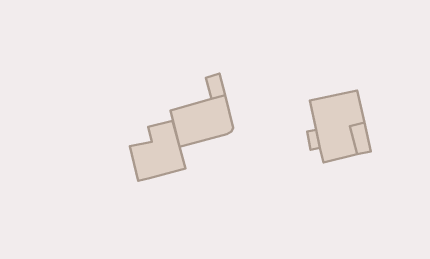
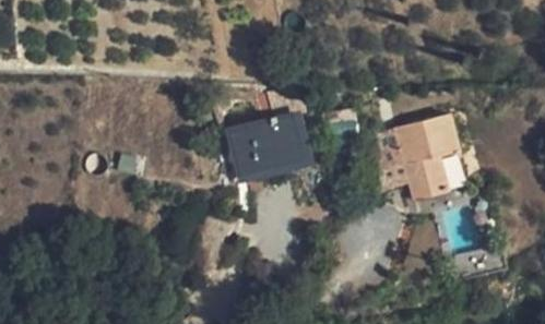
building: [130,121,185,181] -> none

